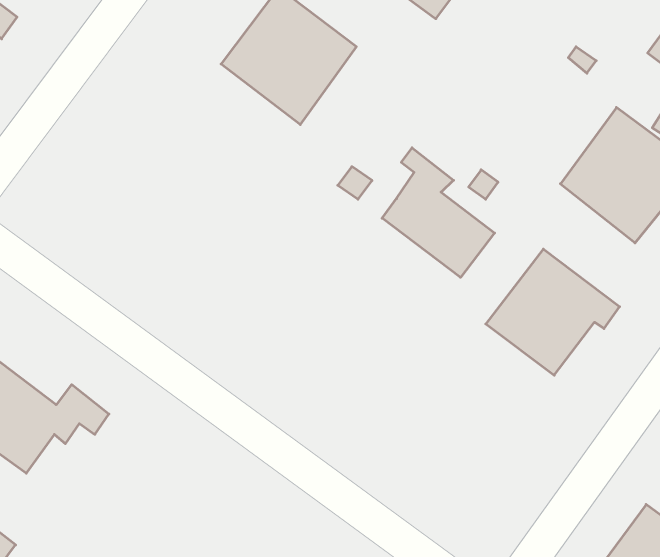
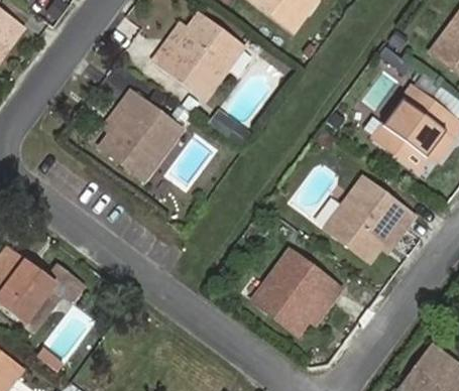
building: none -> [102,91,182,177]
building: [382,148,495,277] -> none
building: none -> [254,249,342,332]

